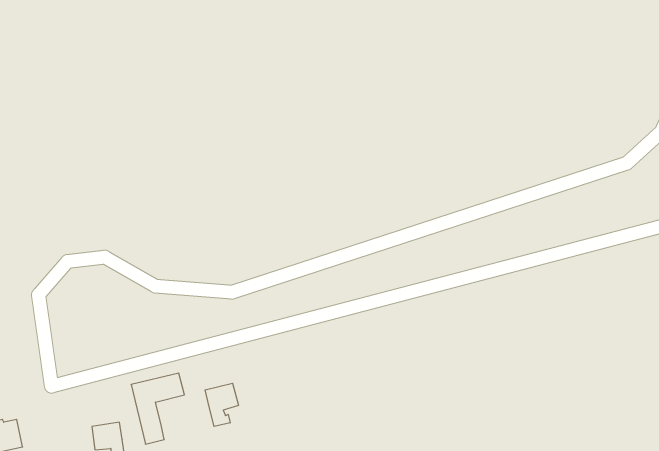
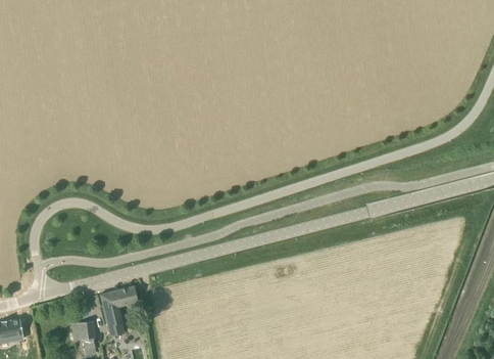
building: [205,383,239,426] -> none

